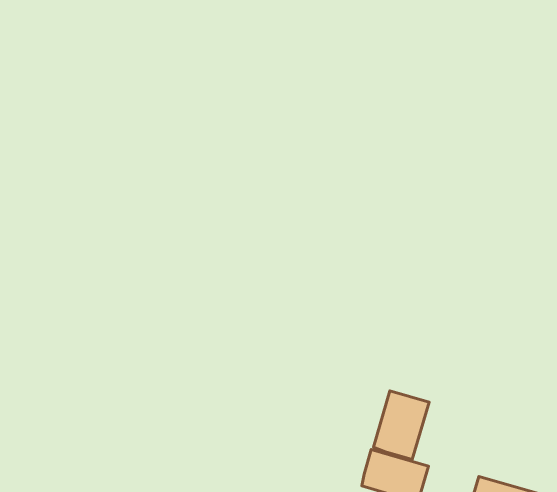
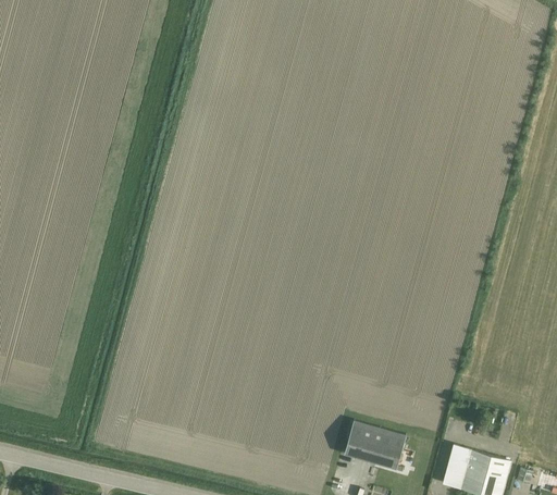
building: [373,391,429,460] -> none

